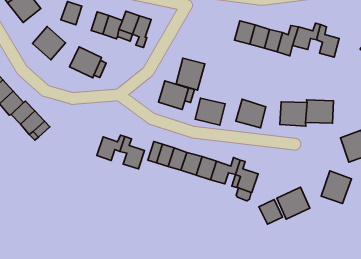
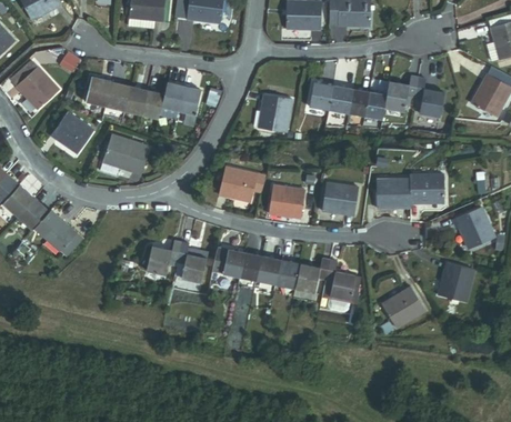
building: none -> [104,81,130,111]
building: [176,58,205,90] -> [258,94,292,133]
building: [259,200,282,224] -> none

